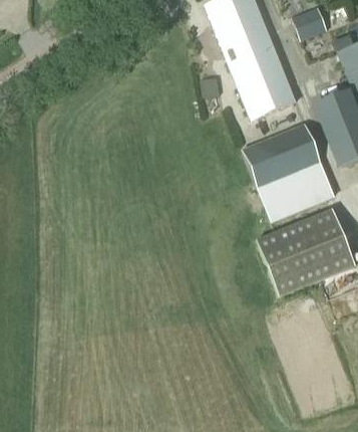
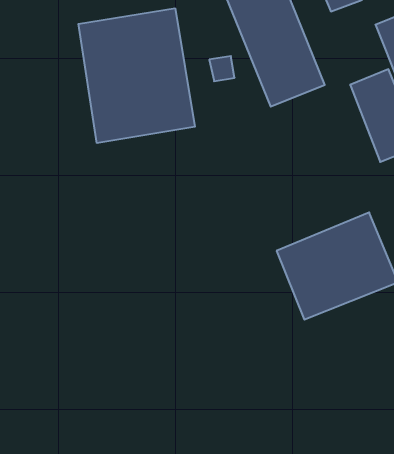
building: none -> [78,8,195,143]
building: [243,124,333,220] -> none

